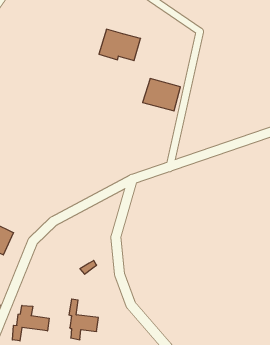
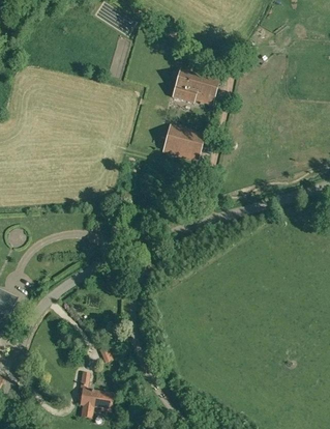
building: [99,29,141,61] -> [172,69,218,105]
building: [12,305,49,341] -> none

